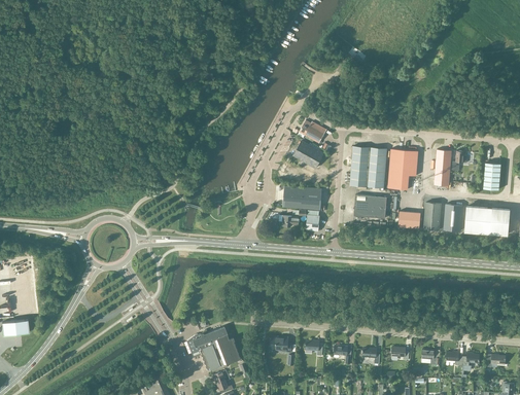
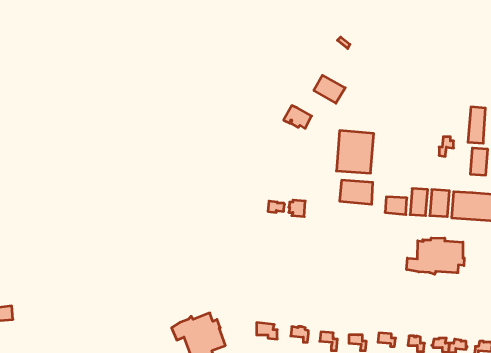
building: [293,141,324,169] -> [314,75,345,103]
building: [387,150,418,190] -> none
building: [434,150,451,186] -> [468,107,485,143]
building: [283,186,321,210] -> none
building: none -> [407,238,464,274]

